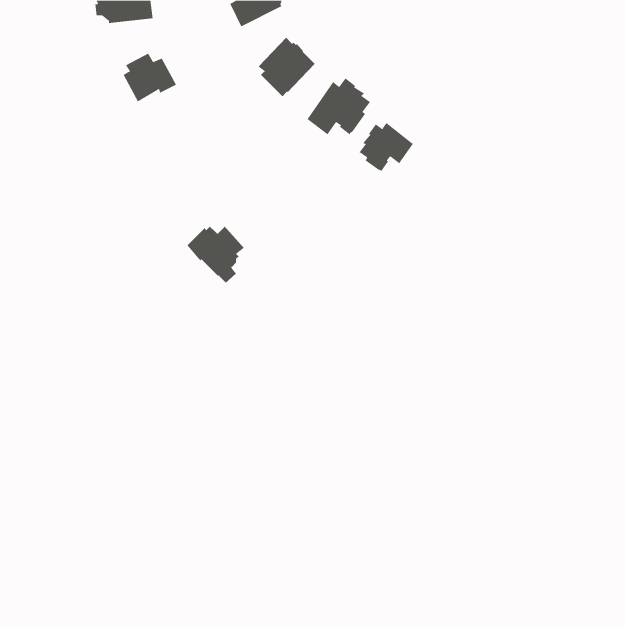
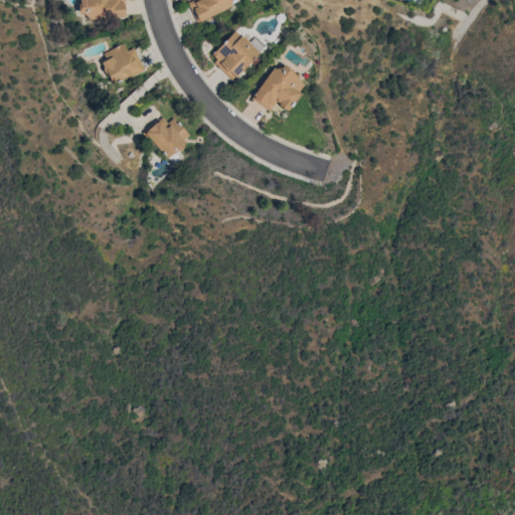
building: [359,122,413,172] -> none
building: [187,226,244,283] -> [144,117,191,164]

